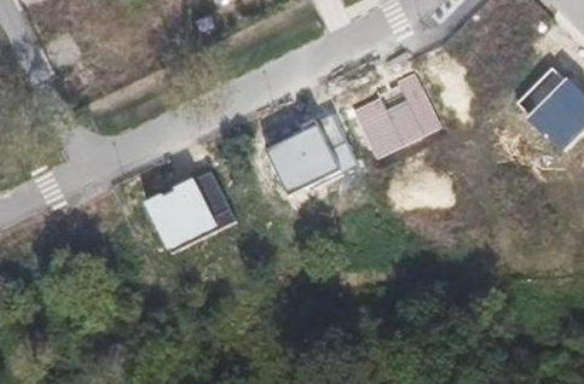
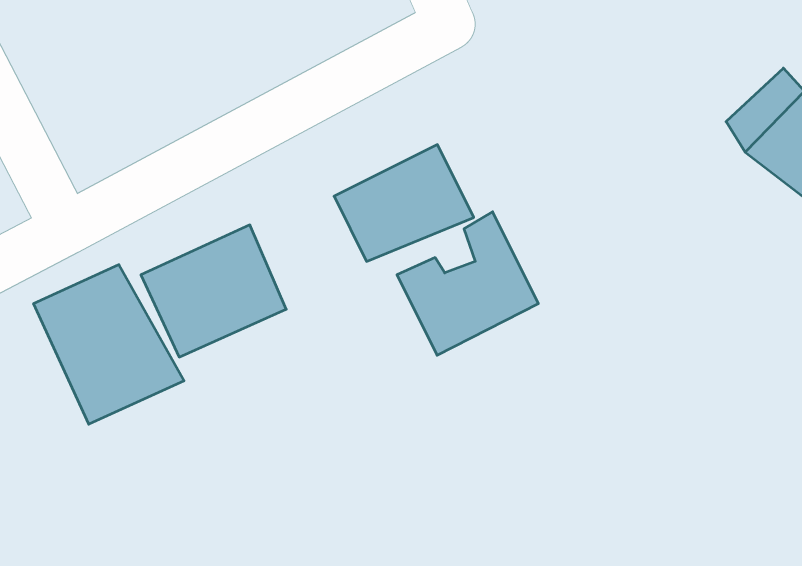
building: [349,69,439,159] -> [397,212,538,355]
building: none -> [34,265,184,424]

